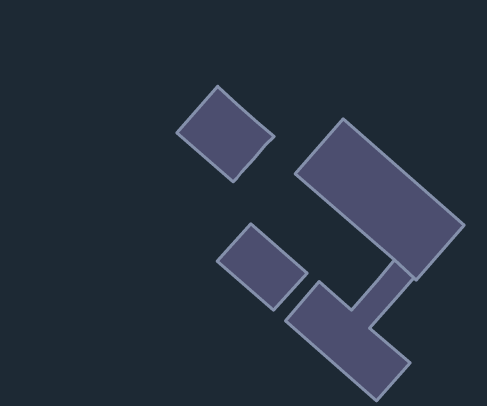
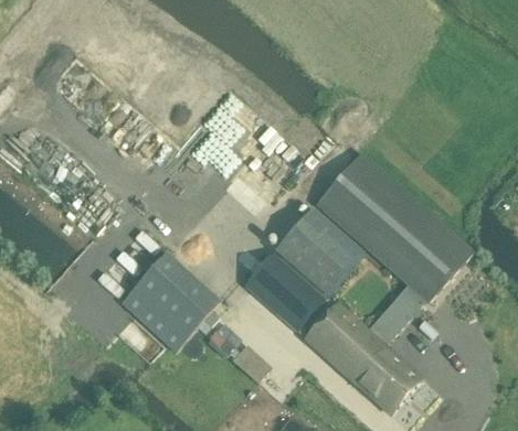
building: [177,86,274,182] -> [275,207,364,295]
building: none -> [123,254,221,352]

